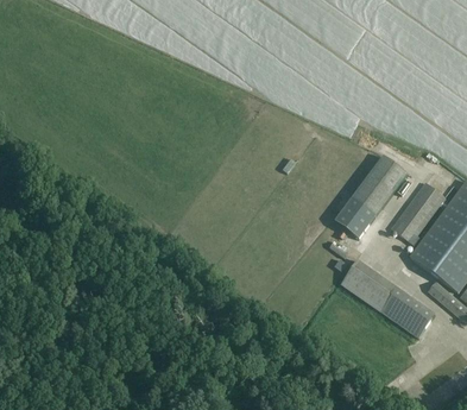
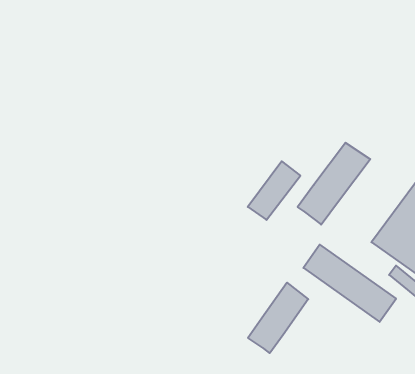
building: [390,182,443,241] -> [248,161,300,220]
building: none -> [248,283,308,353]

